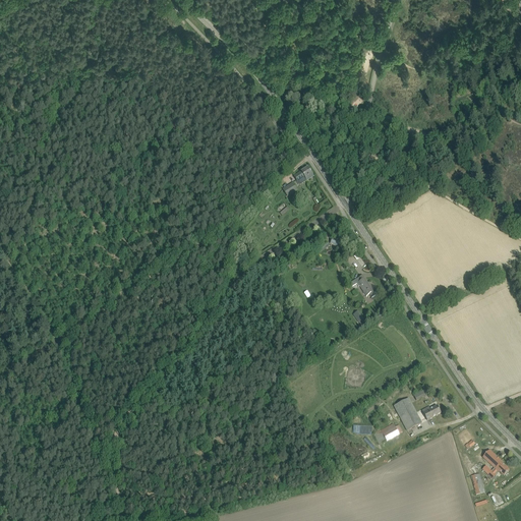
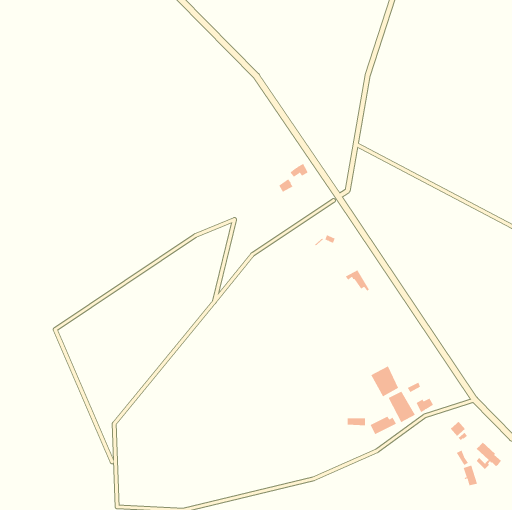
building: none -> [370,366,399,397]

